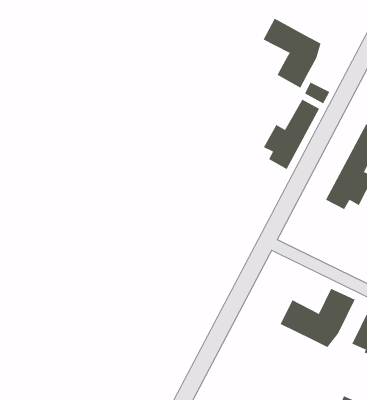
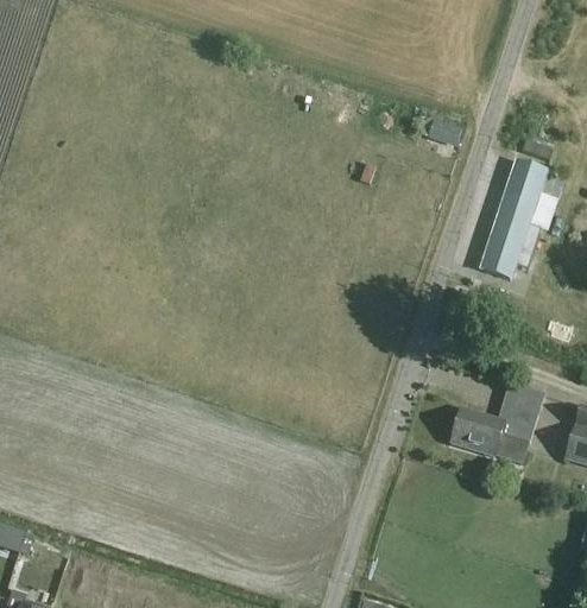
building: [263,18,321,89] -> none
building: [263,99,320,170] -> none

